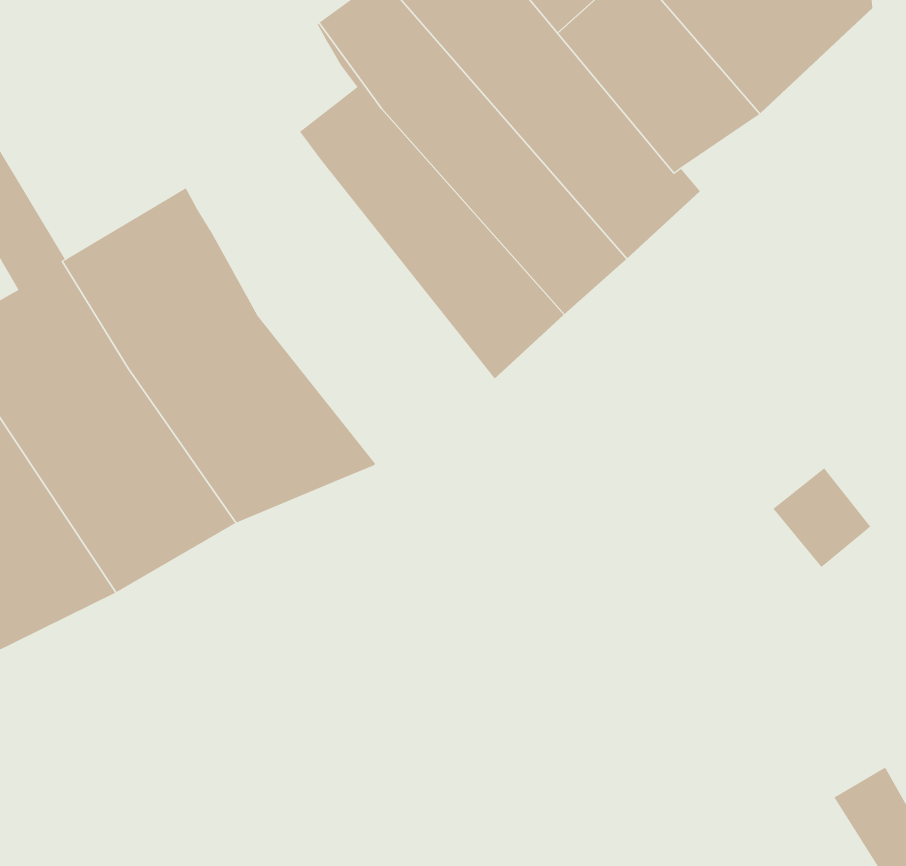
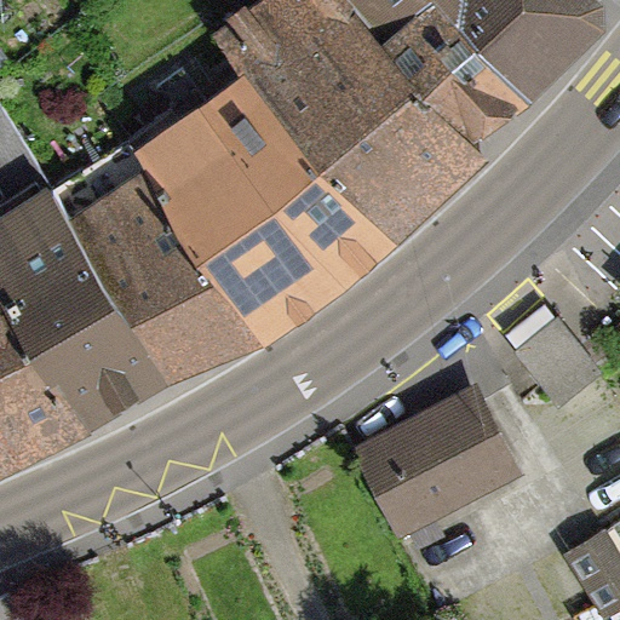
building: none -> [130,73,339,331]
building: none -> [356,395,512,532]

